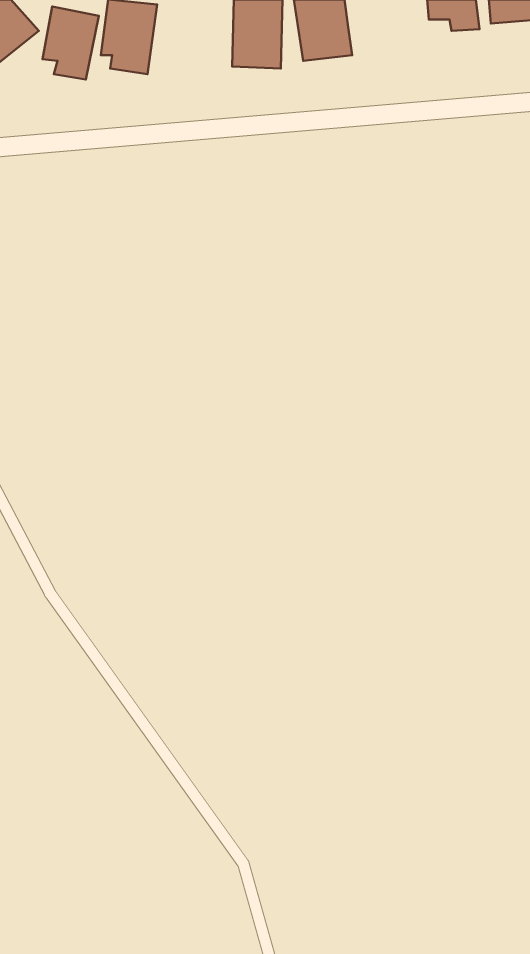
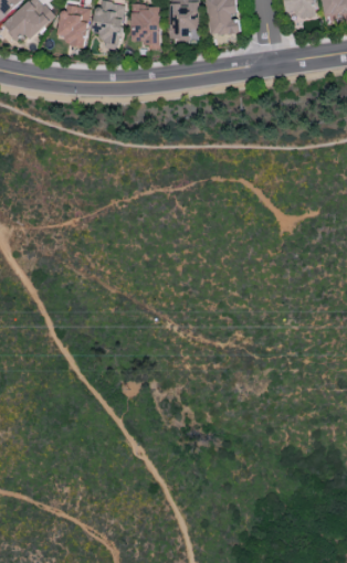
building: none -> [130,6,160,44]

